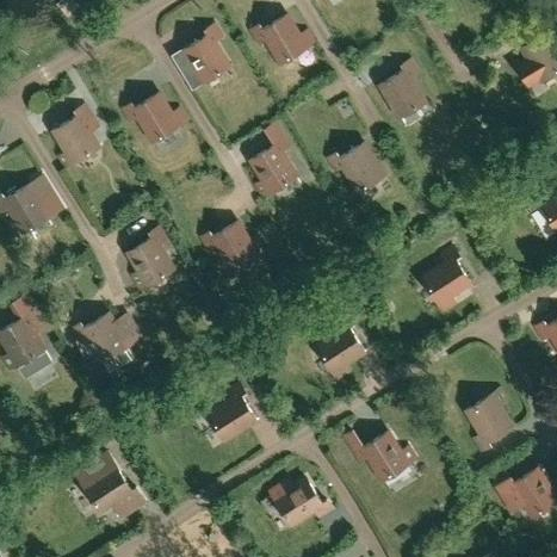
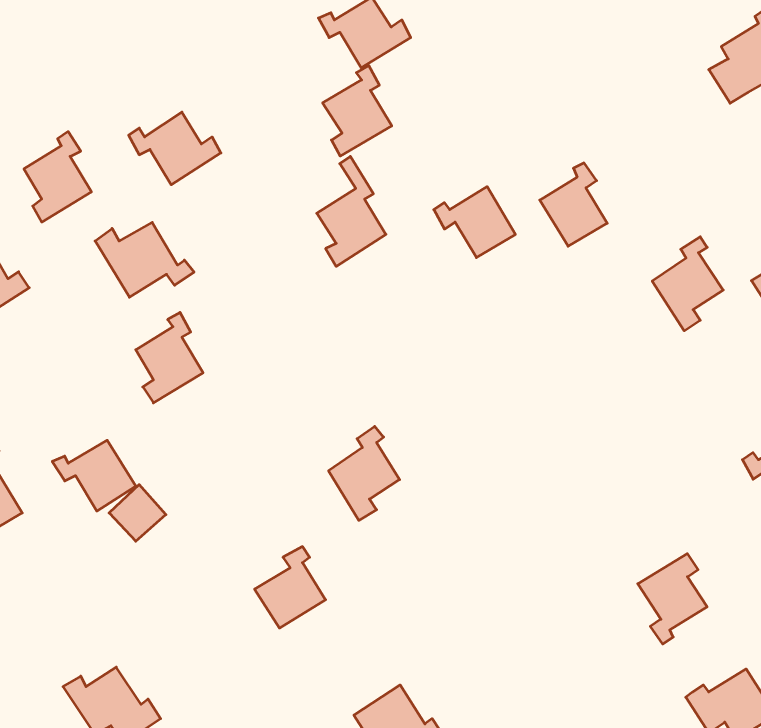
building: [182,25,229,86] -> [323,66,392,156]
building: [379,61,425,117] -> [540,163,607,246]
building: none -> [95,222,194,297]
building: [202,222,264,270] -> none
building: [422,248,470,311] -> [652,237,723,331]
building: [316,316,364,379] -> [329,426,400,520]
building: [342,429,415,479] -> none

